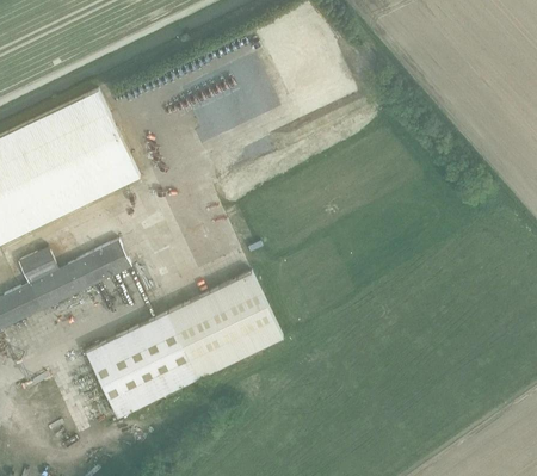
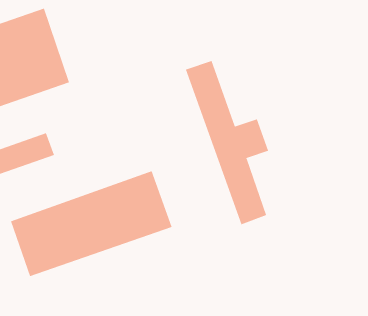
building: none -> [185,60,269,225]

